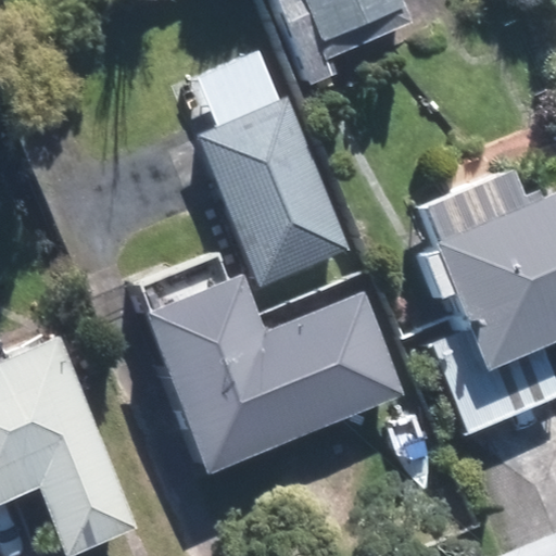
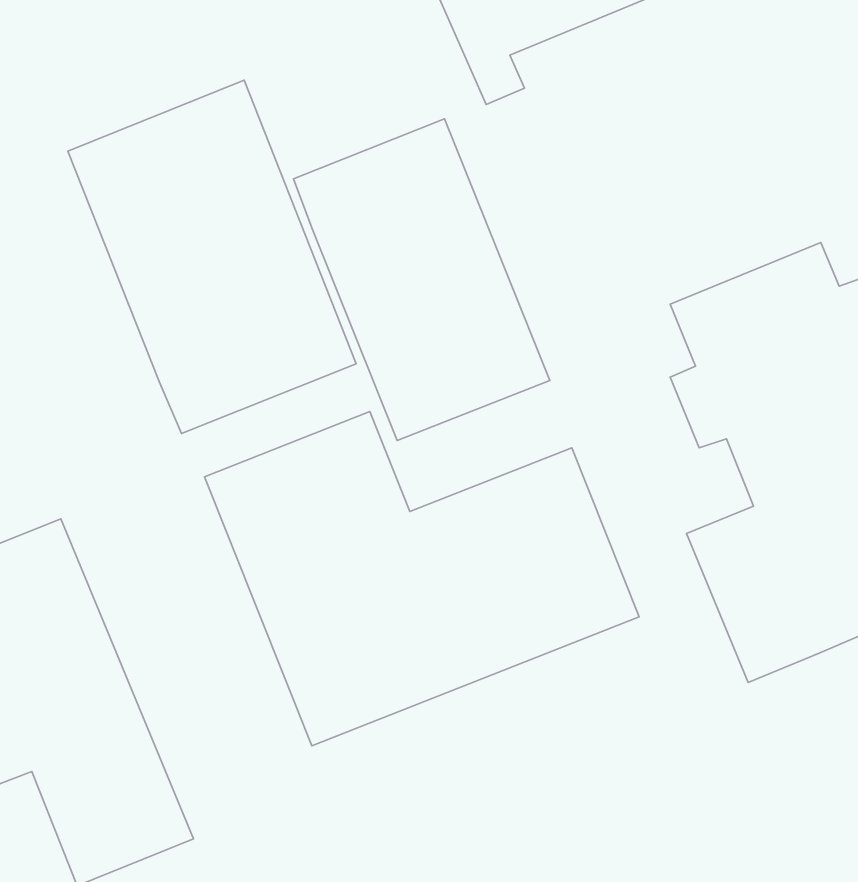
building: none -> [68,80,356,434]

